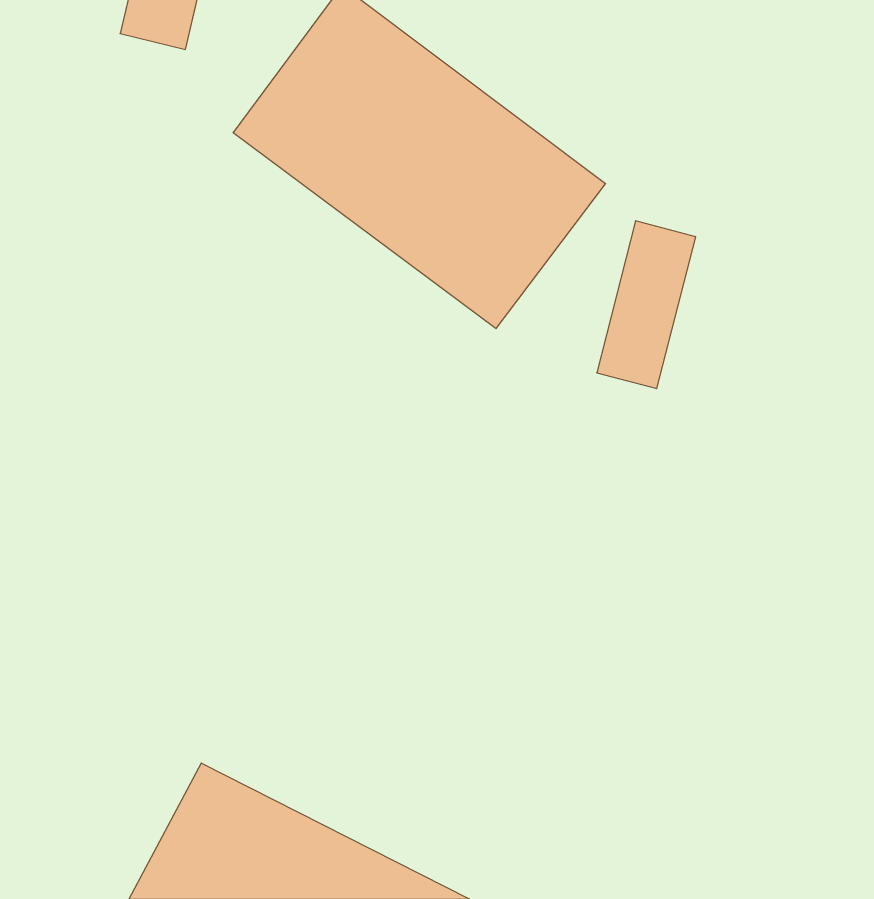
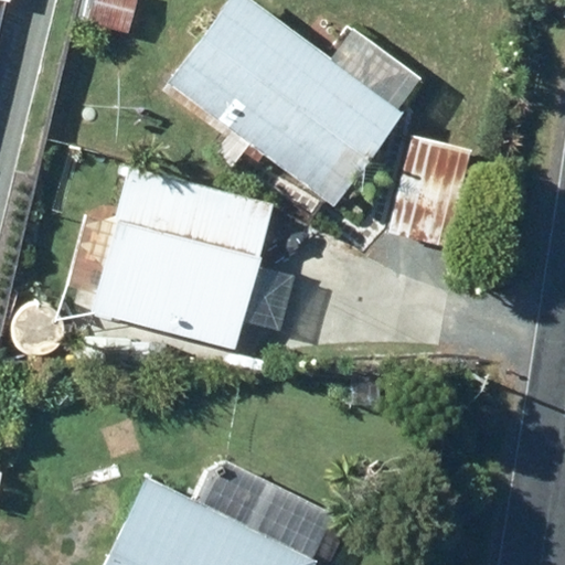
building: none -> [93,166,271,349]

